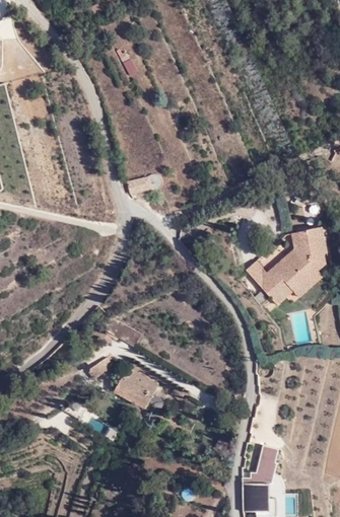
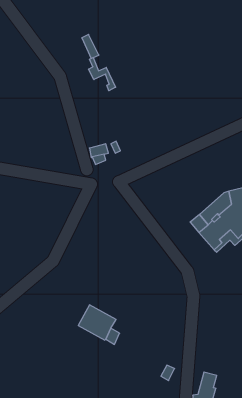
building: none -> [89,58,116,91]

